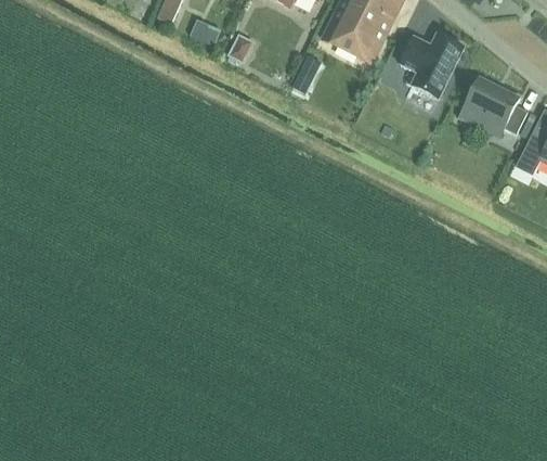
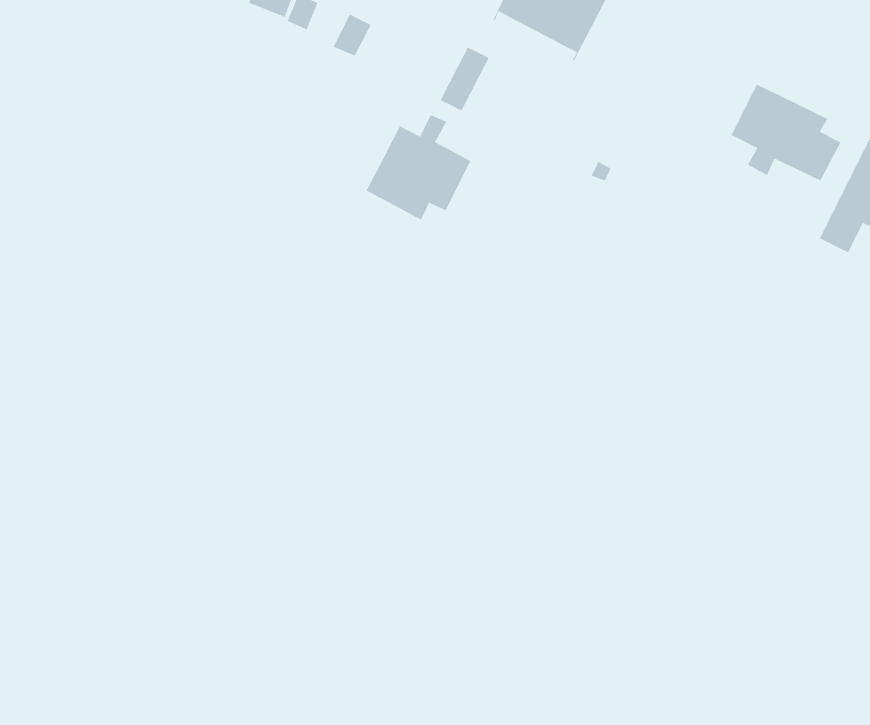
building: [400,34,461,98] -> none
building: none -> [366,114,471,221]

